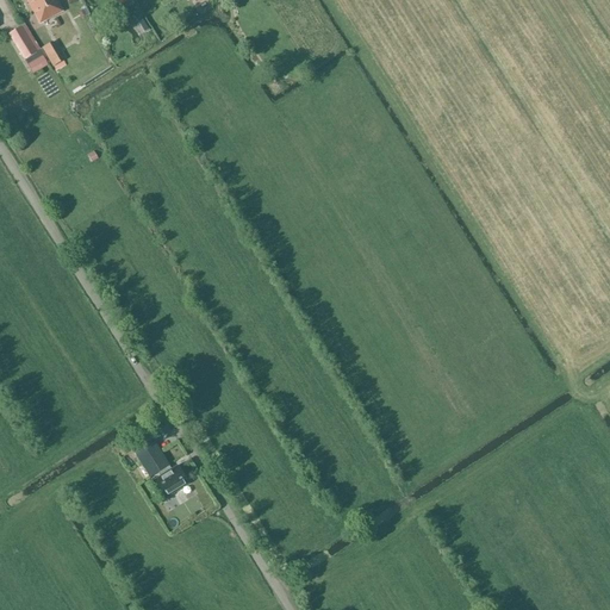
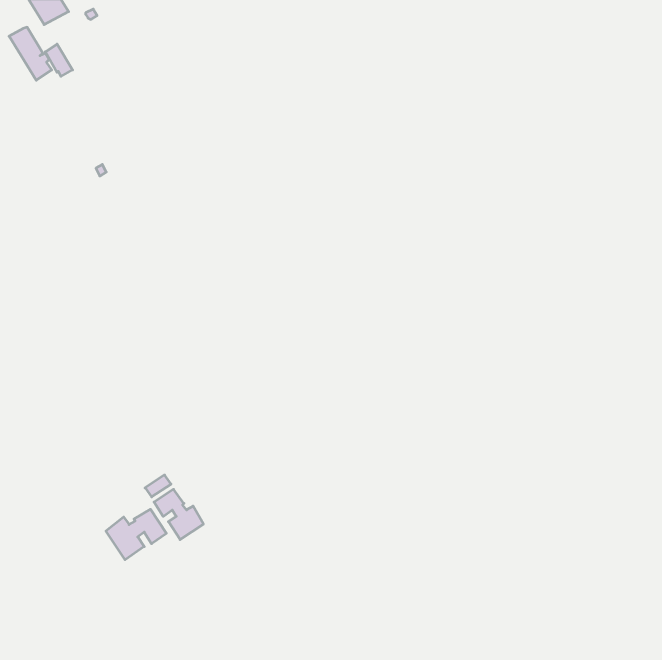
building: none -> [106,509,166,560]

